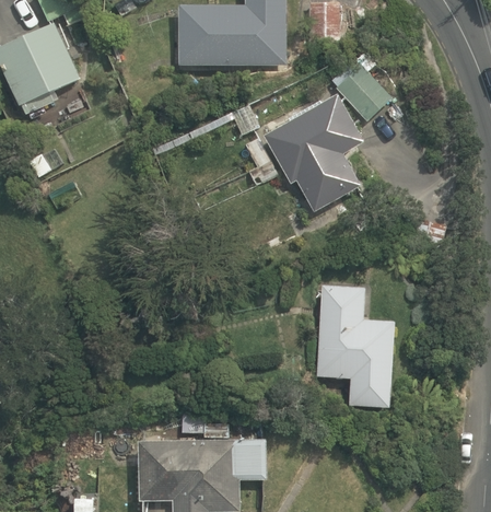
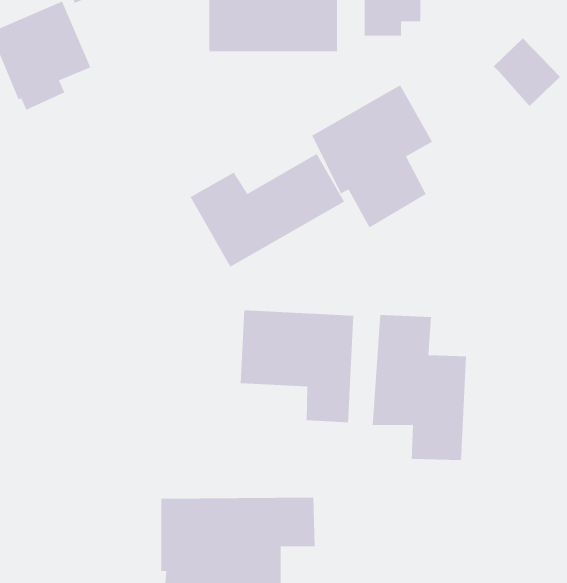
building: [335,63,391,121] -> [493,38,561,107]
building: none -> [190,153,345,268]
building: none -> [240,310,354,423]

